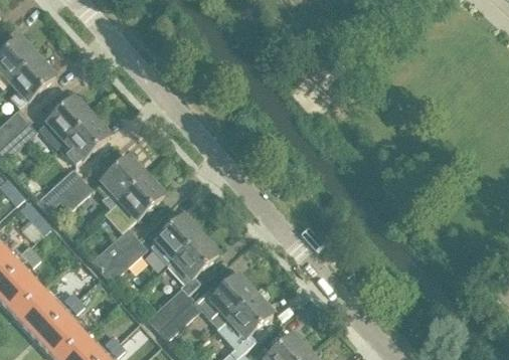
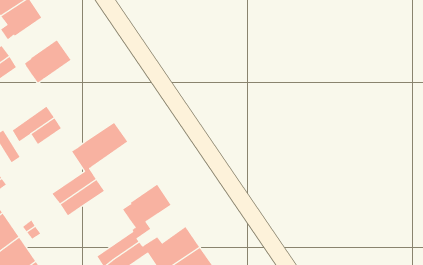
building: [59,116,110,163] -> none
building: [95,156,146,207] -> none
building: [149,215,200,265] -> none

